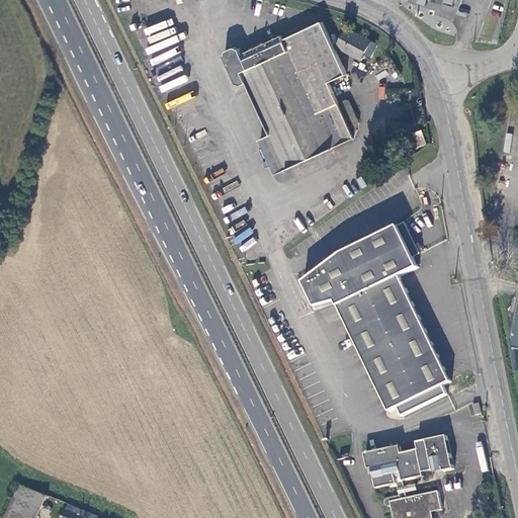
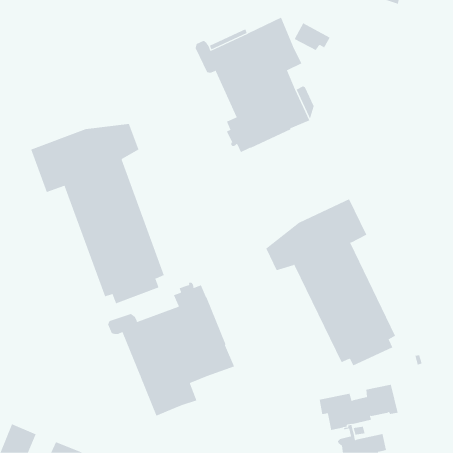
building: none -> [31,123,165,304]
building: none -> [107,282,235,416]

